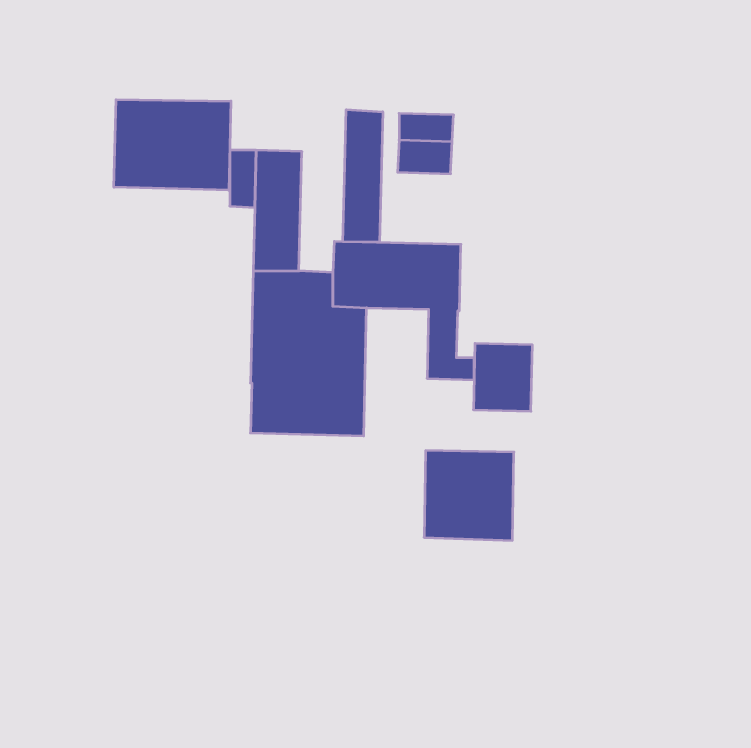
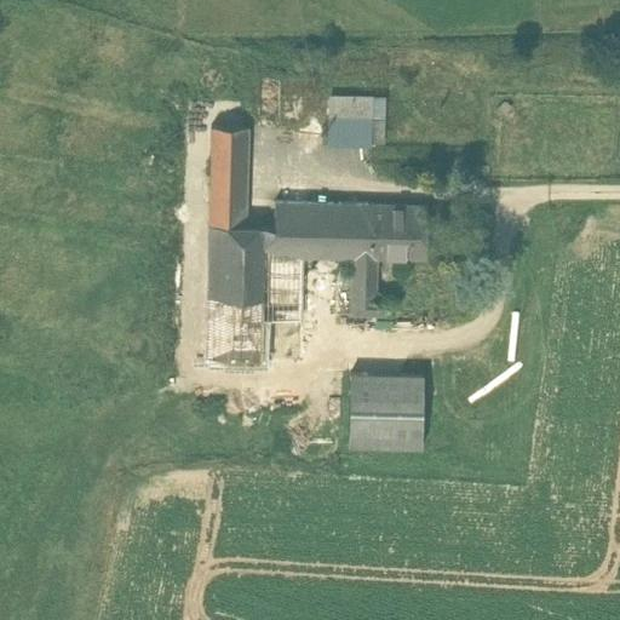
building: [114,100,231,190] -> none
building: [343,110,383,242] -> none
building: [473,343,532,411] -> [379,205,427,260]

